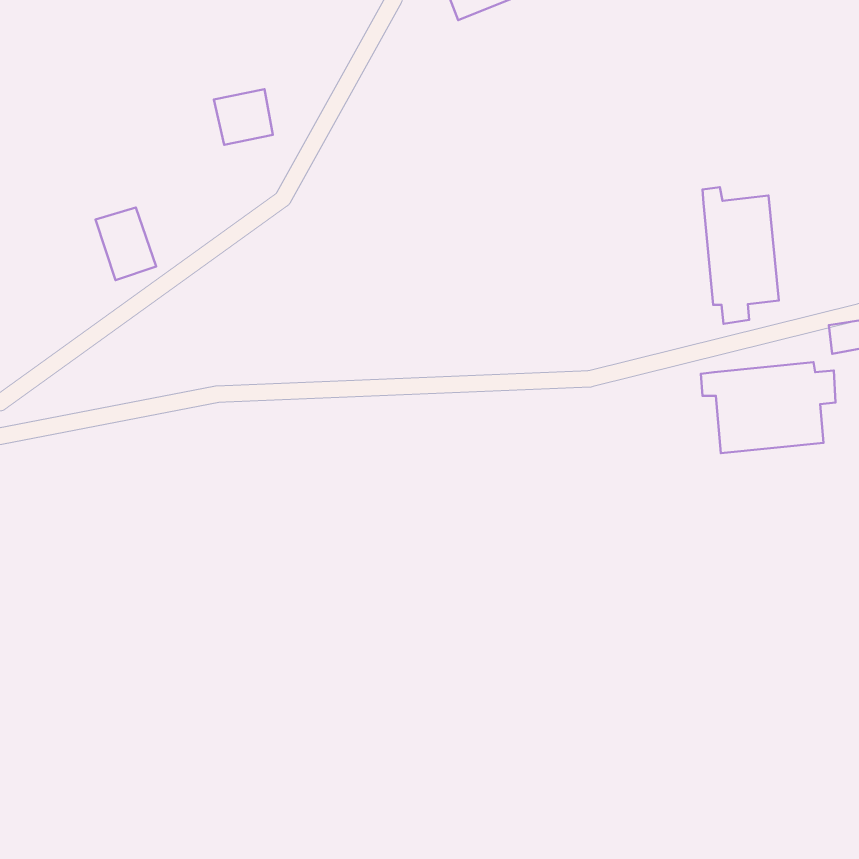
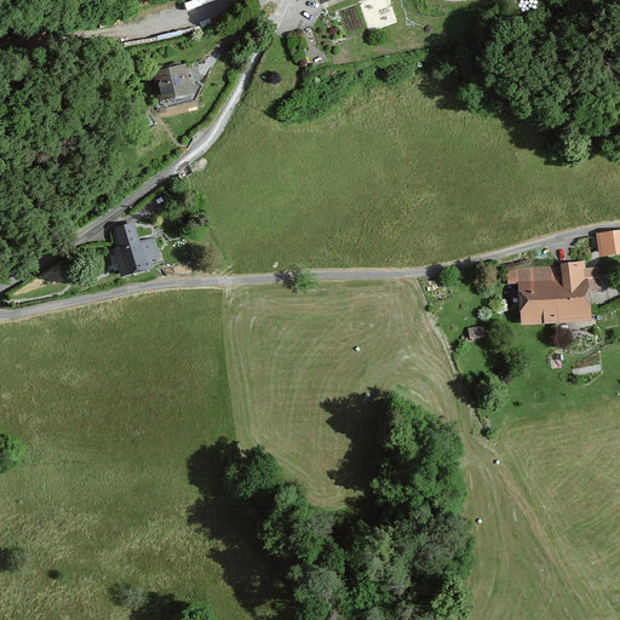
building: [702,187,779,324] -> none
building: [95,208,156,280] -> [111,223,155,275]

